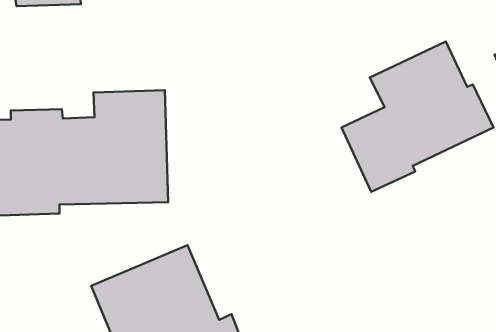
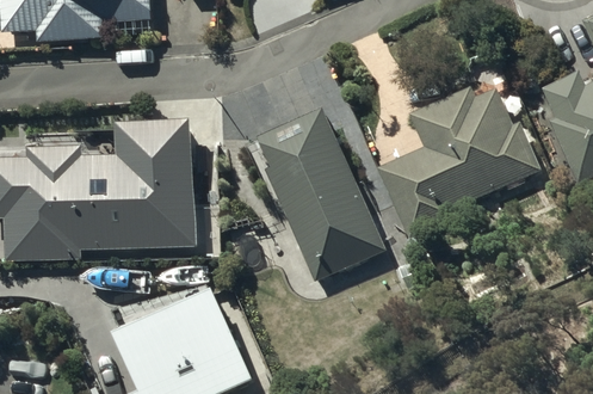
building: none -> [253,111,385,279]

